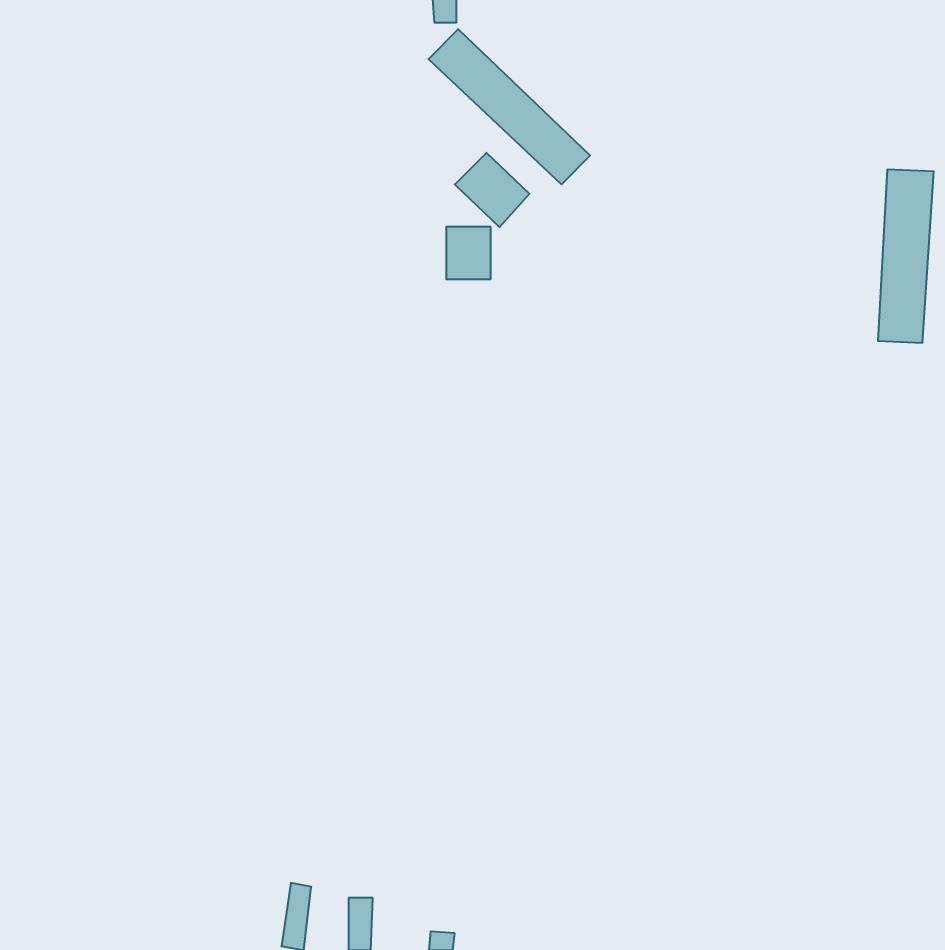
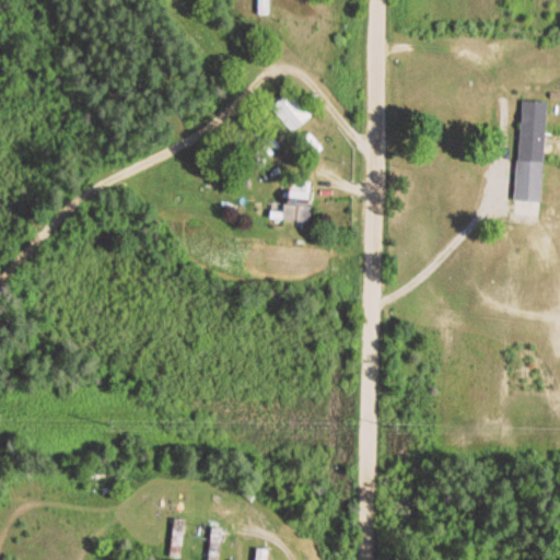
building: [428,29,590,184] -> none
building: [446,227,491,279] -> [283,190,310,221]

